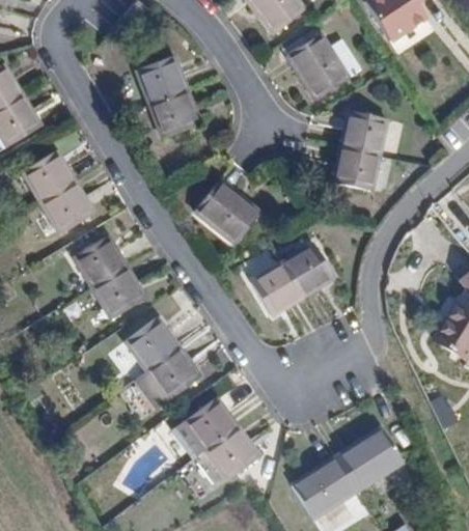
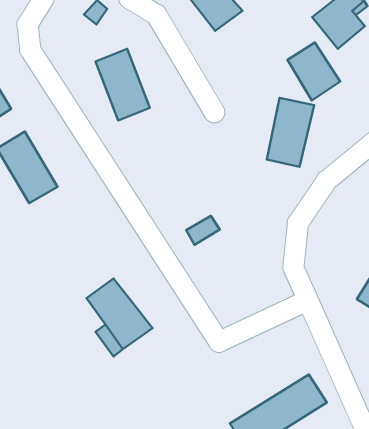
building: [287,35,348,102] -> [287,43,340,101]
building: [196,180,259,242] -> none
building: [75,237,144,317] -> none
building: [250,246,332,315] -> none
building: [185,399,258,478] -> none

